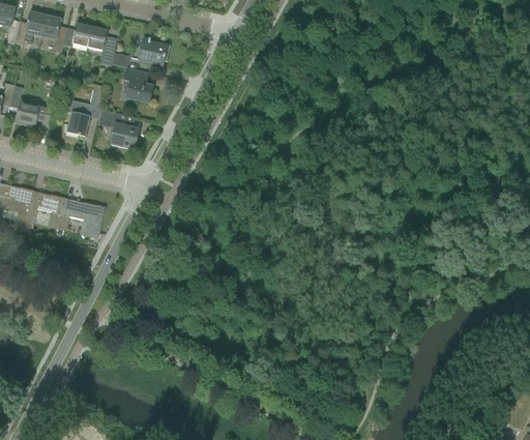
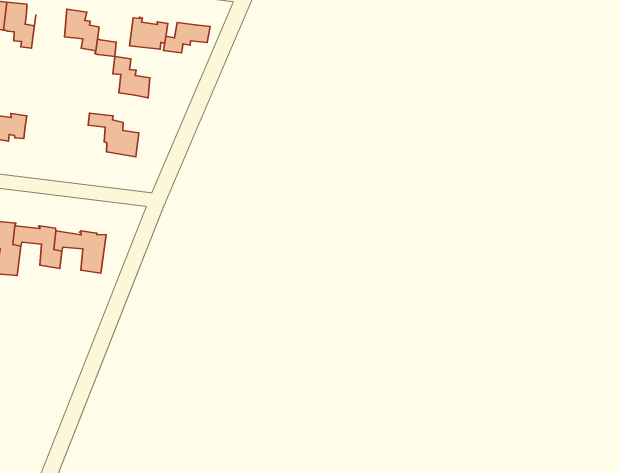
building: [62,22,91,47] -> none
building: none -> [164,23,210,53]
building: [65,88,105,135] -> none

